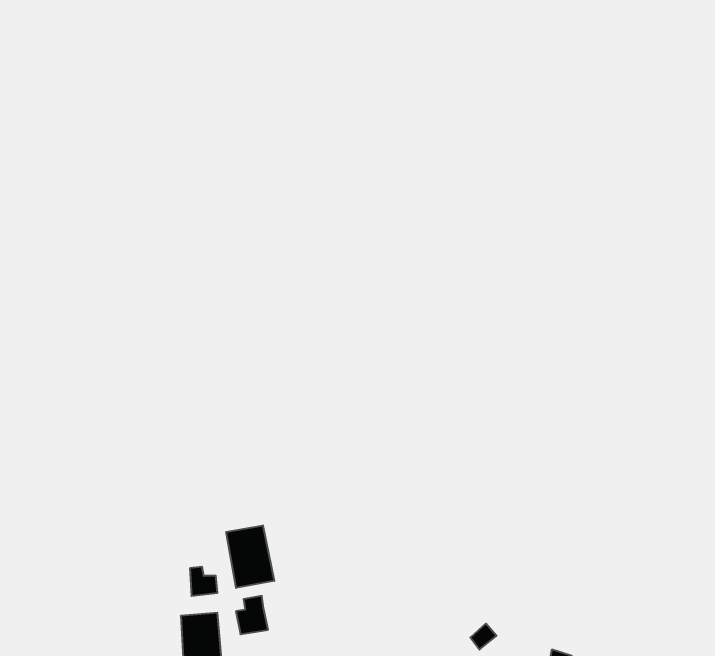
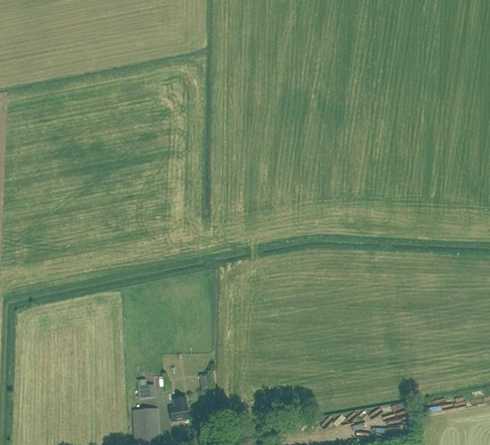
building: [226,525,274,588] -> none

